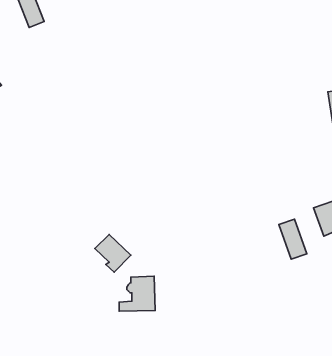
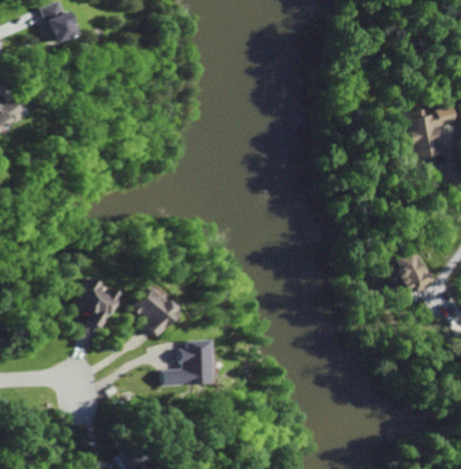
building: [279,219,307,259] -> none
building: none -> [85,280,126,329]

